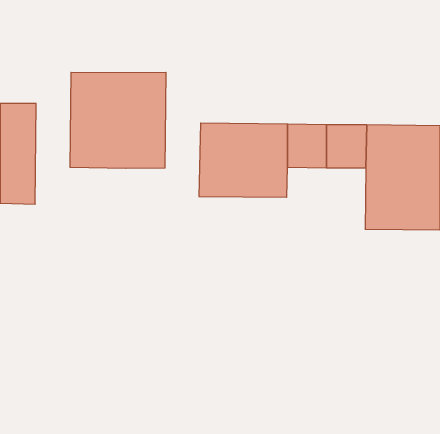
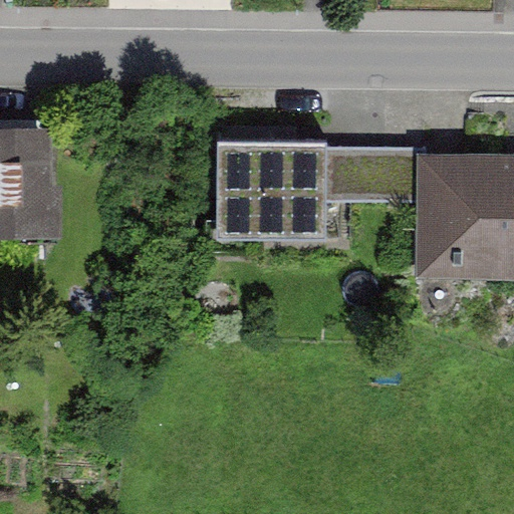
building: [70,72,166,168] -> none

